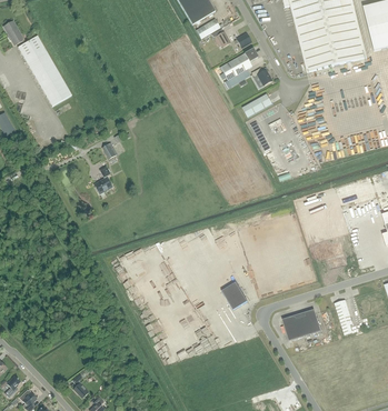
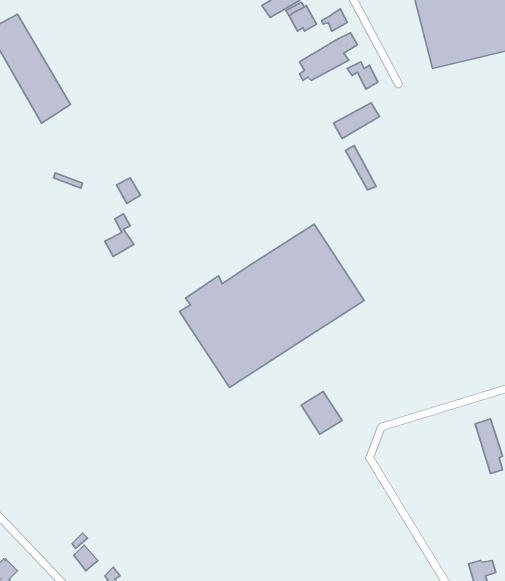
building: none -> [179,224,364,388]
building: [282,309,320,340] -> none

